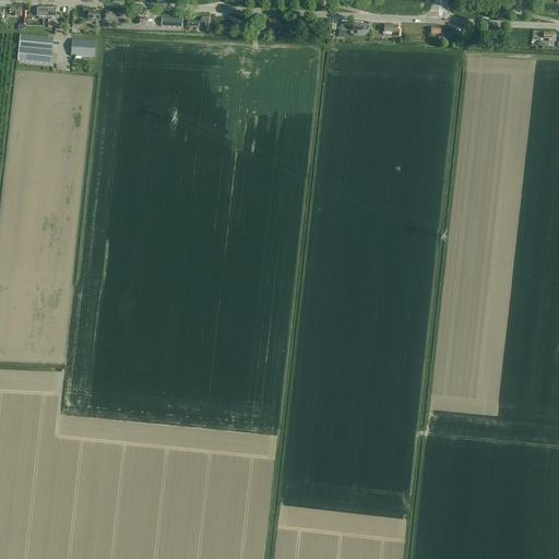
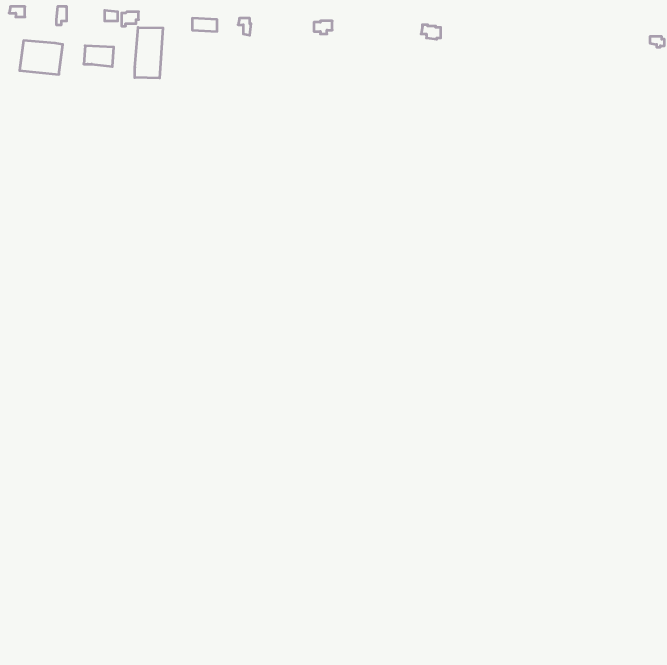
building: none -> [135,27,163,78]

